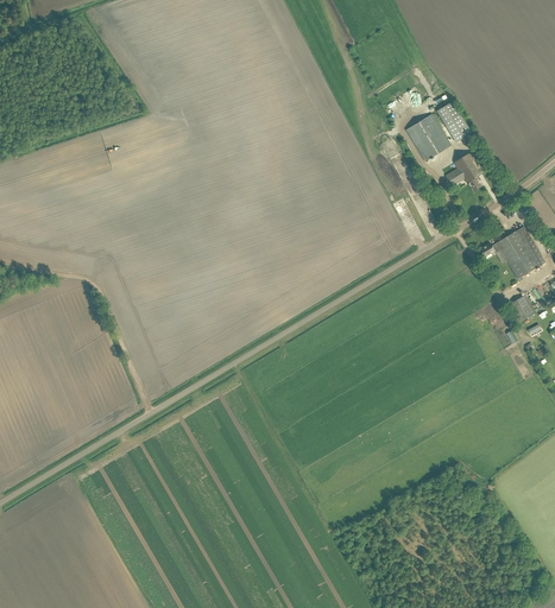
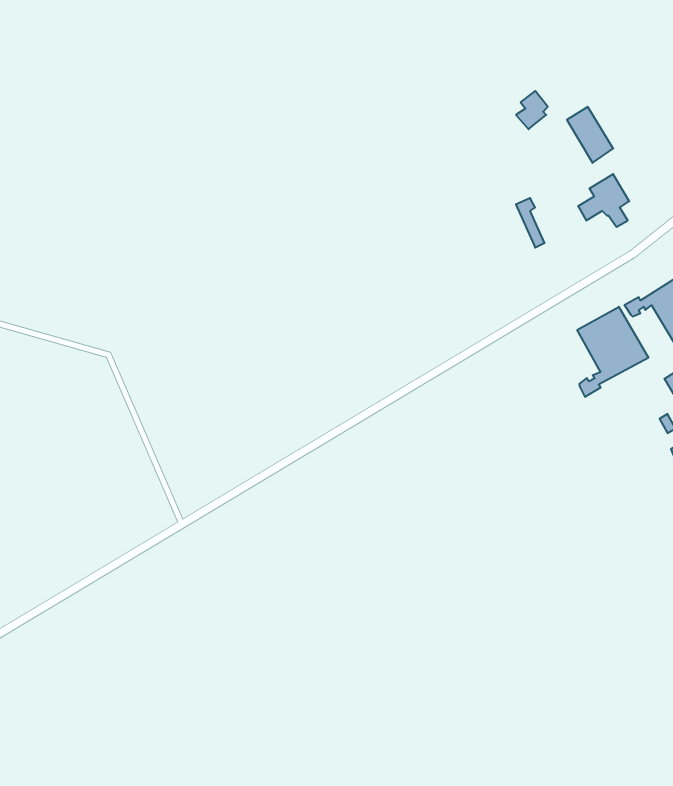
building: [404,113,450,162] -> none
building: none -> [577,307,648,397]

